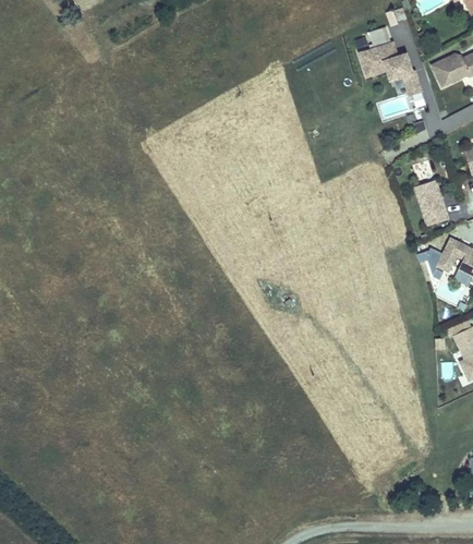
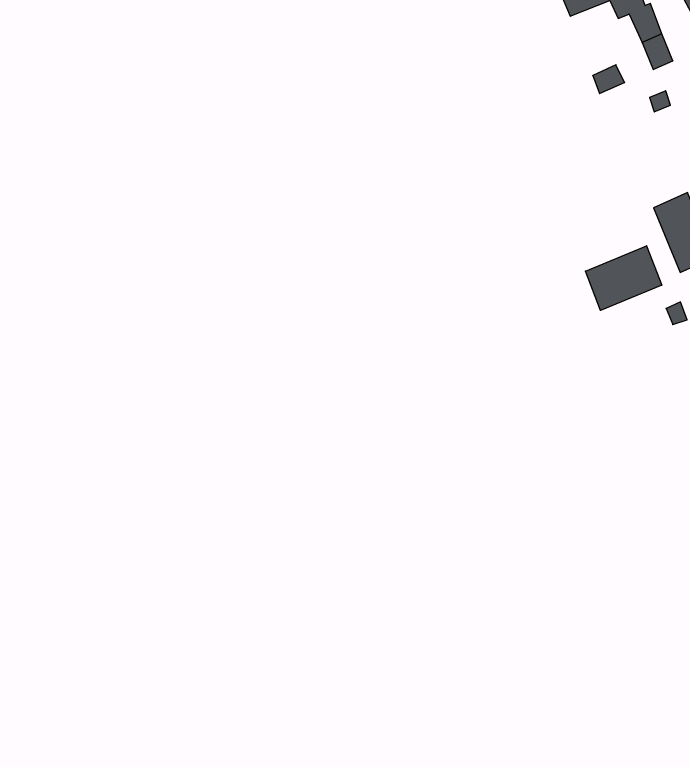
building: none -> [585,246,662,310]

